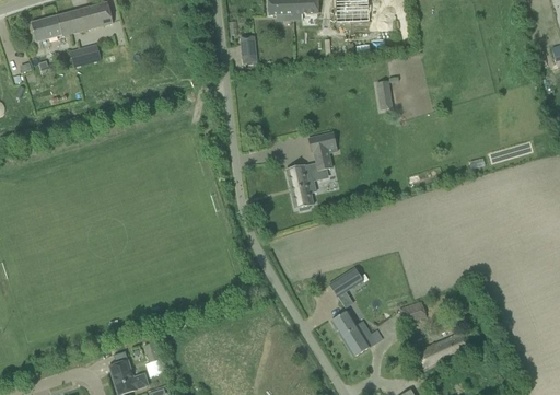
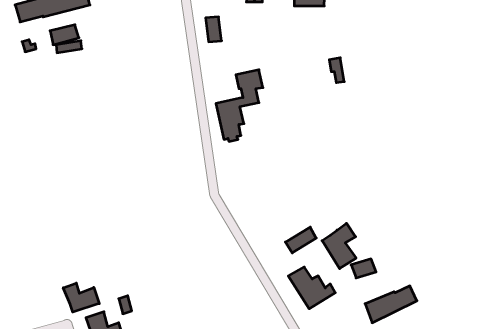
building: [285,131,337,210] -> [216,70,263,141]
building: none -> [322,223,356,269]
building: none -> [63,283,99,312]

